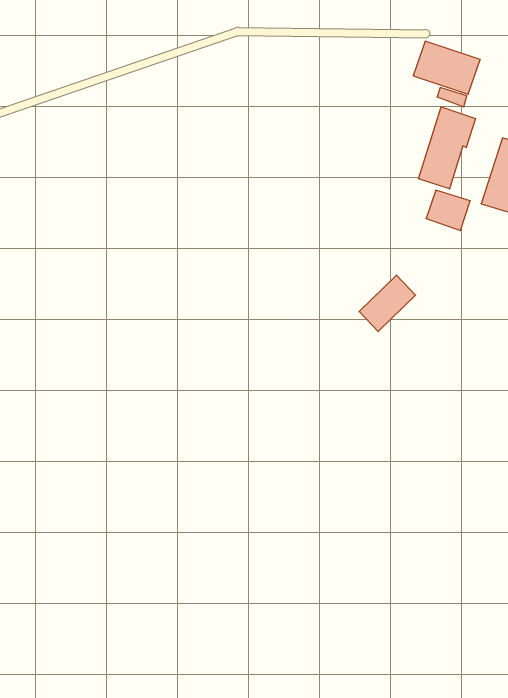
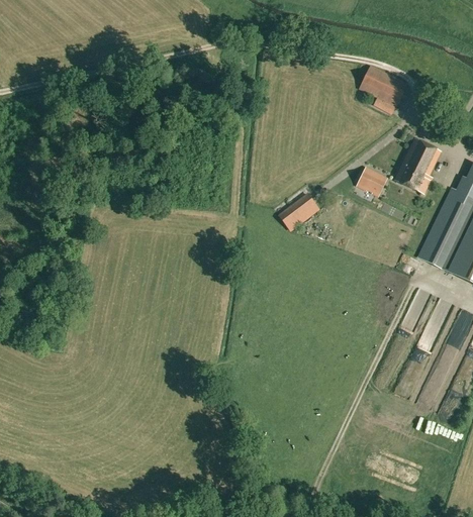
building: [419,107,475,189] -> none
building: [359,275,416,332] -> [279,193,318,229]

